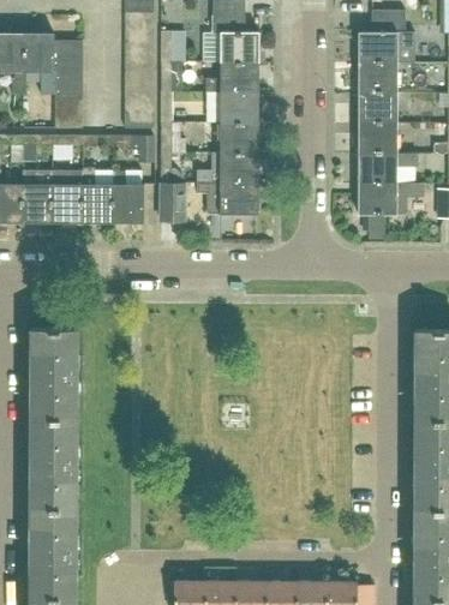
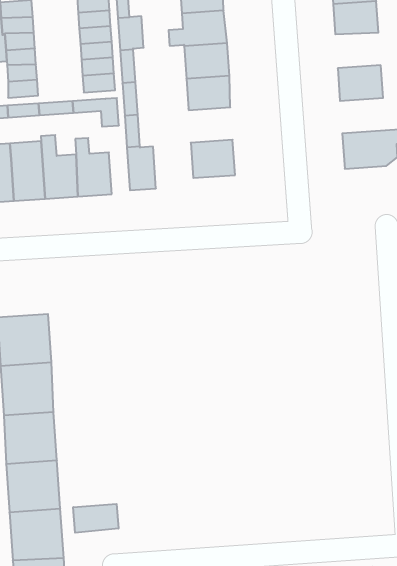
building: [358,91,397,122] -> none
building: [196,150,257,181] -> none
building: [358,152,397,182] -> none
building: none -> [73,504,118,533]

